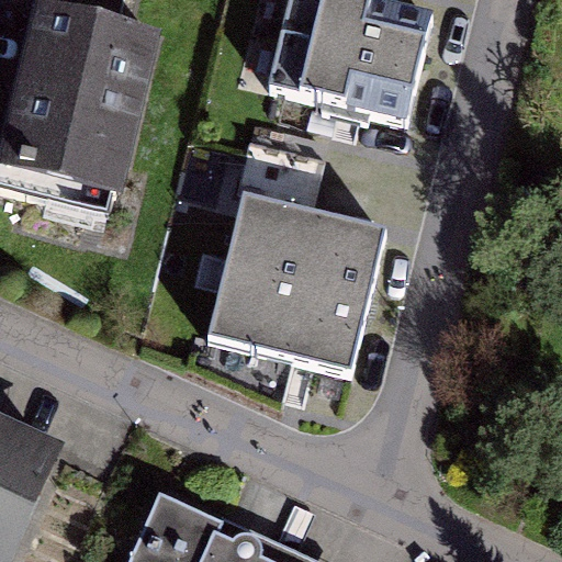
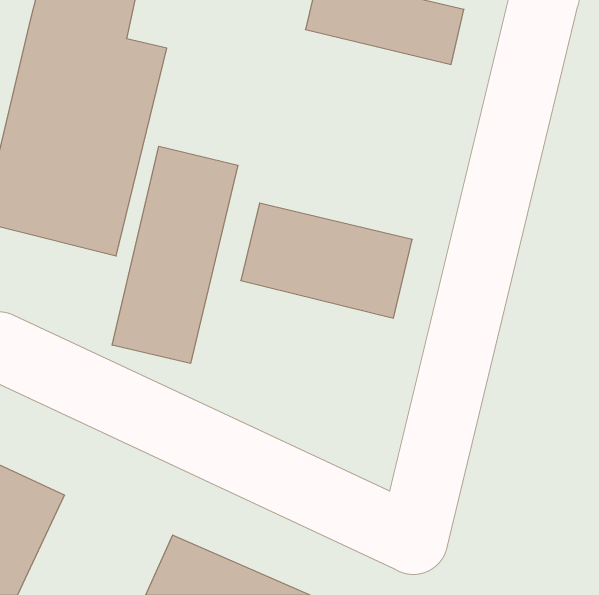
building: [272,27,422,112] -> none
building: none -> [112,146,238,363]
building: [207,262,368,370] -> none

